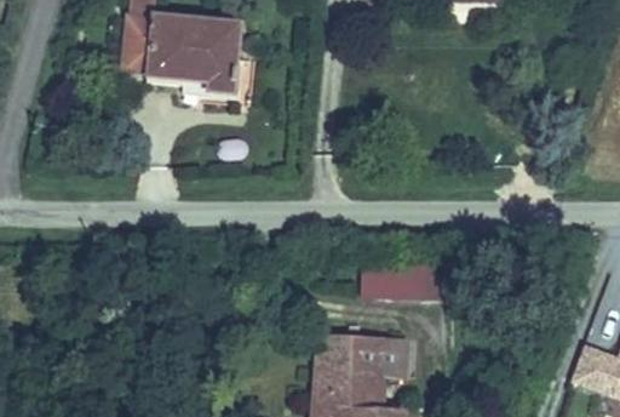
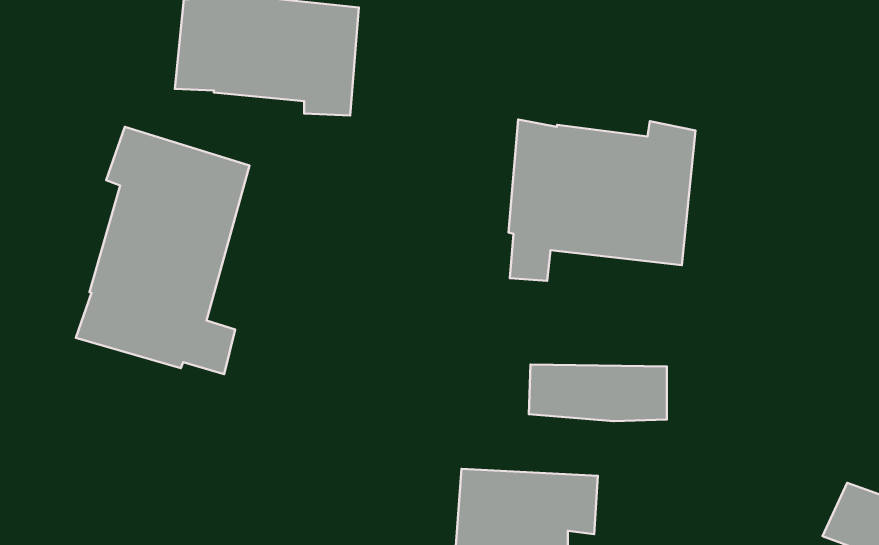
building: none -> [508,119,695,281]
building: none -> [76,127,249,374]

